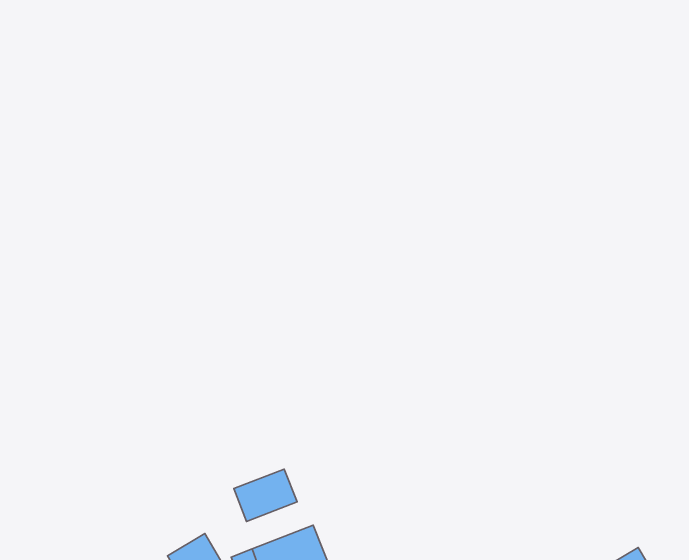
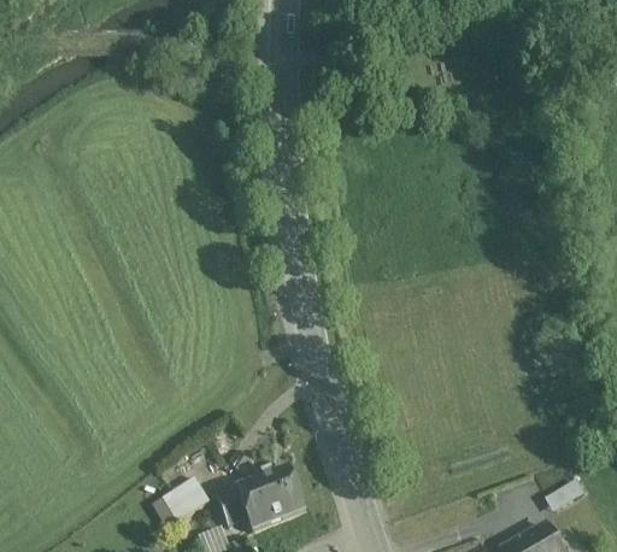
building: [234,469,297,521] -> none

